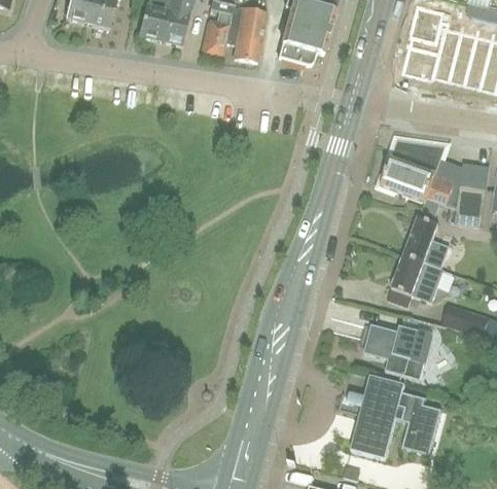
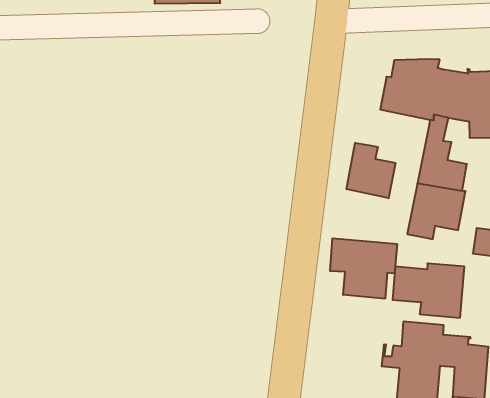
building: none -> [347,143,395,198]
building: none -> [330,238,397,299]

